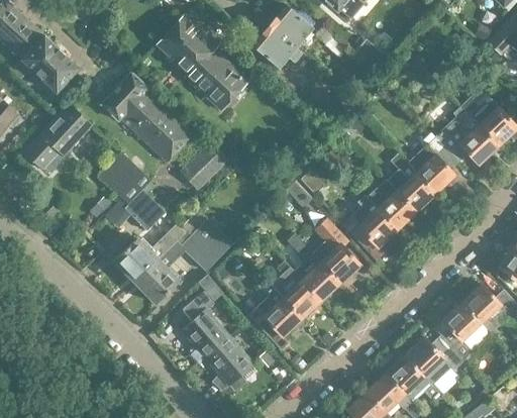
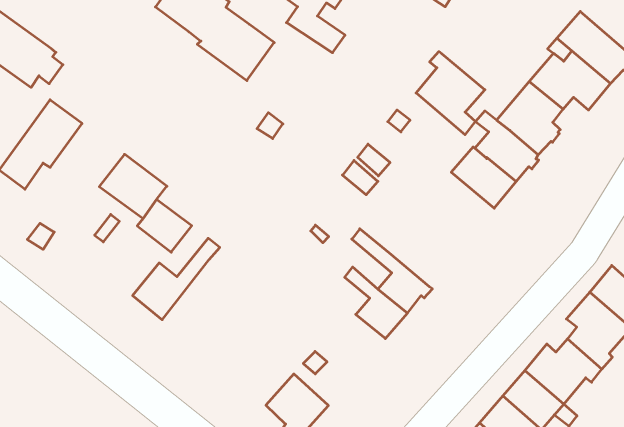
building: [101,73,194,163] -> none
building: [182,143,229,190] -> none
building: [345,196,398,262] -> [416,52,485,135]
building: [135,219,233,303] -> none
building: [314,219,360,283] -> none
building: [248,279,304,349] -> none
building: [183,292,230,362] -> none

